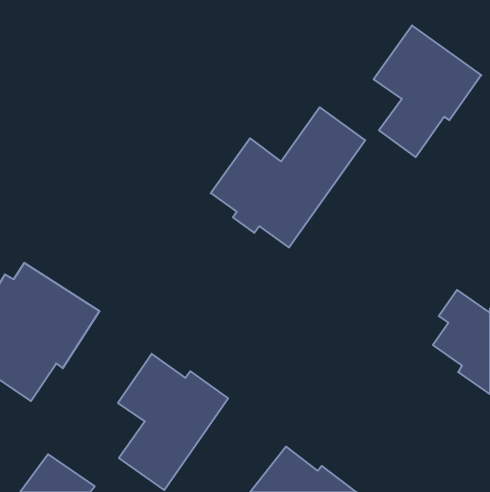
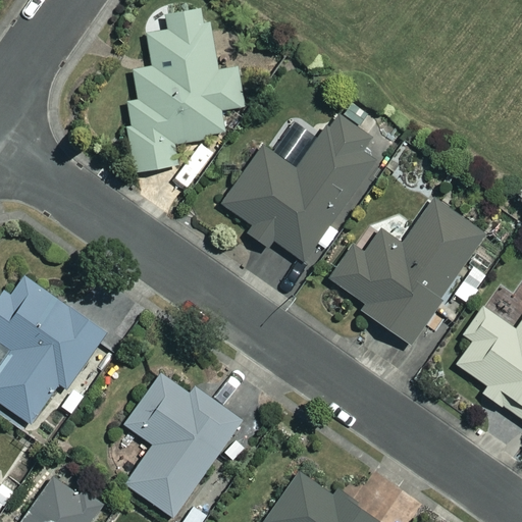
building: none -> [127,7,242,173]
building: [374,25,481,157] -> none
building: none -> [331,199,485,343]

